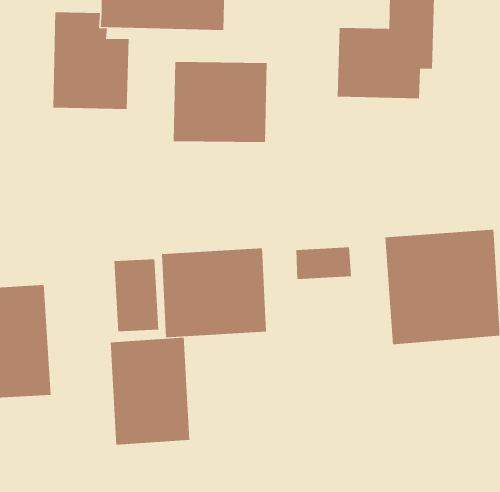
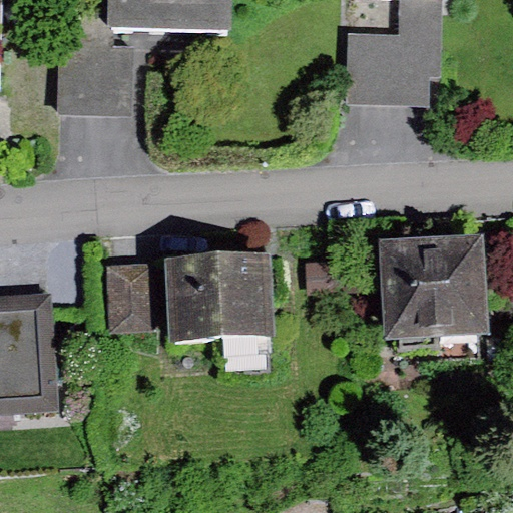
building: [173,61,267,143] -> none
building: [110,337,190,445] -> none

